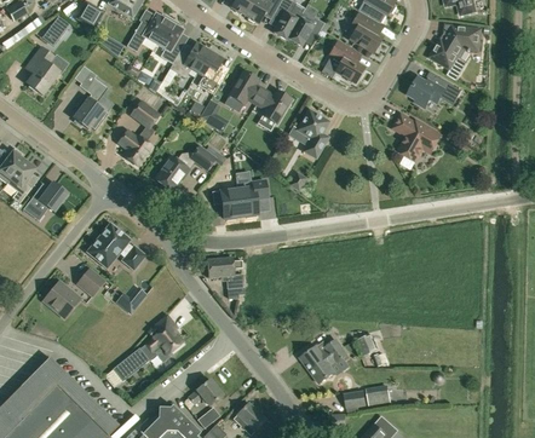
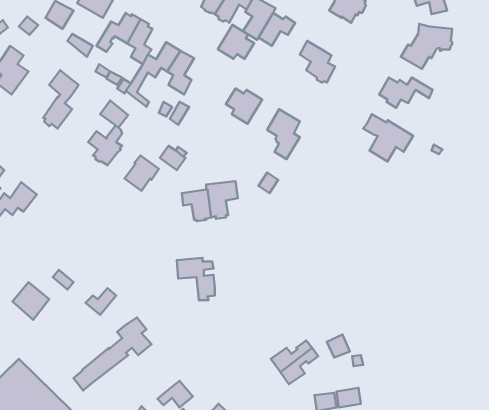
building: [350,13,382,52] -> none
building: [229,70,265,104] -> [218,25,254,59]
building: [86,223,146,270] -> none

